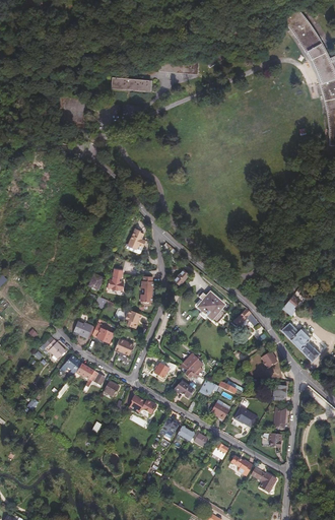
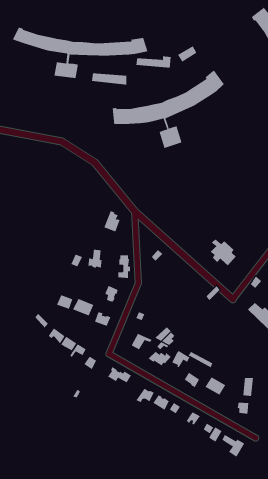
building: none -> [12,27,148,79]
building: none -> [112,69,224,149]
building: [197,292,225,322] -> [210,239,236,266]

